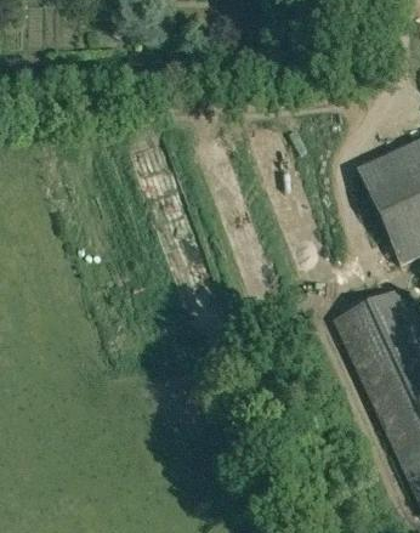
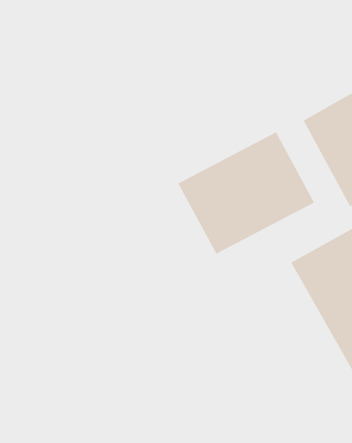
building: none -> [177,131,315,255]

